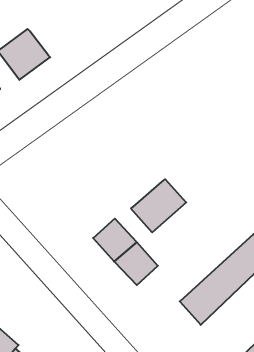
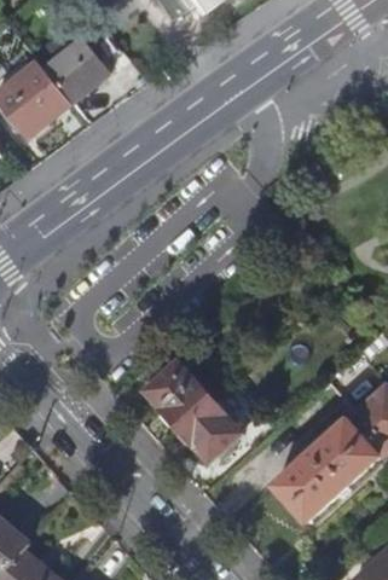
building: none -> [47,47,115,112]
building: [131,179,186,232] -> none

